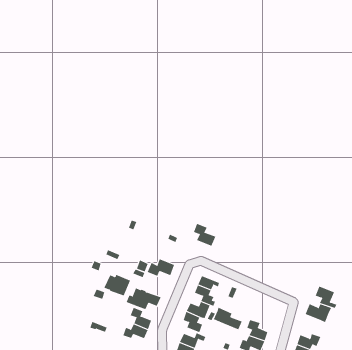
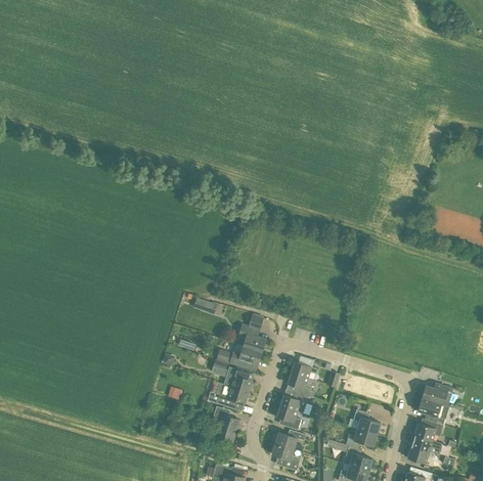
building: [193,223,216,247] -> [238,324,266,351]
building: [104,274,131,296] -> [223,365,255,391]
building: [315,286,337,309] -> [418,398,445,424]
building: [213,307,242,330] -> none

